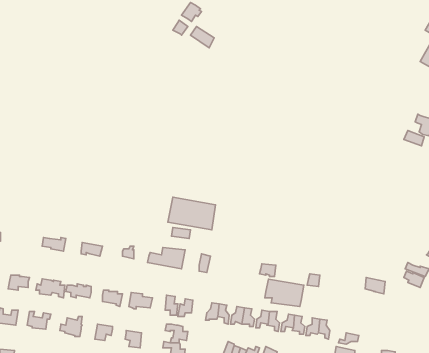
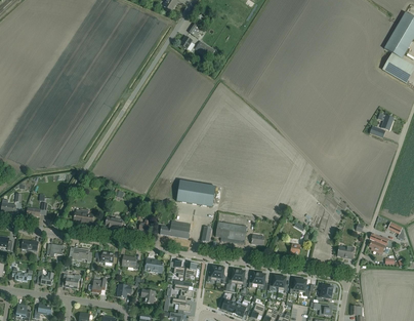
building: [265,279,304,307] -> [215,222,247,244]

